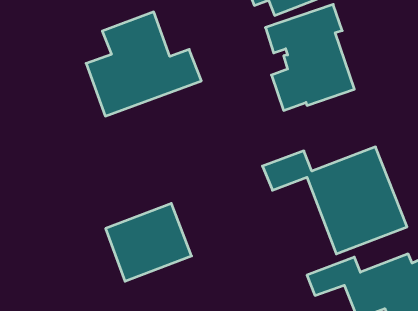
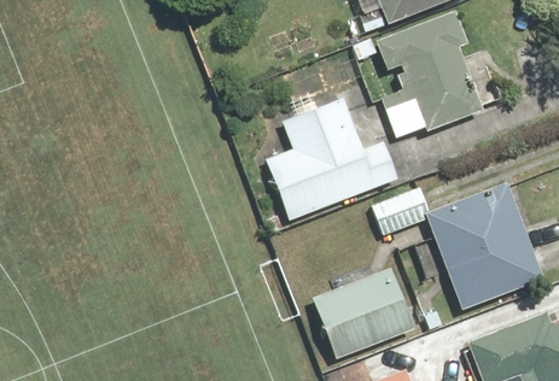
building: [86,12,201,116] -> [262,98,400,222]
building: [106,203,192,281] -> [311,266,414,359]

